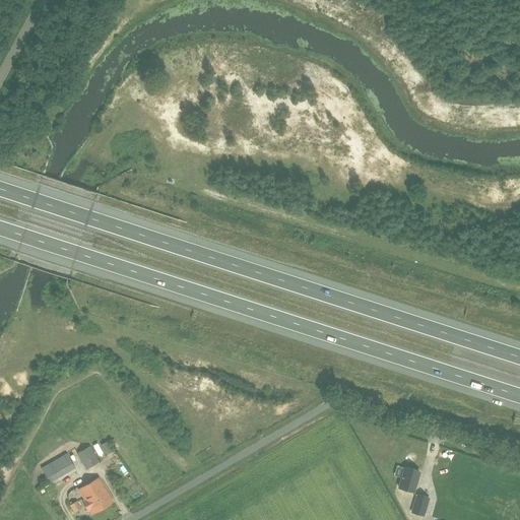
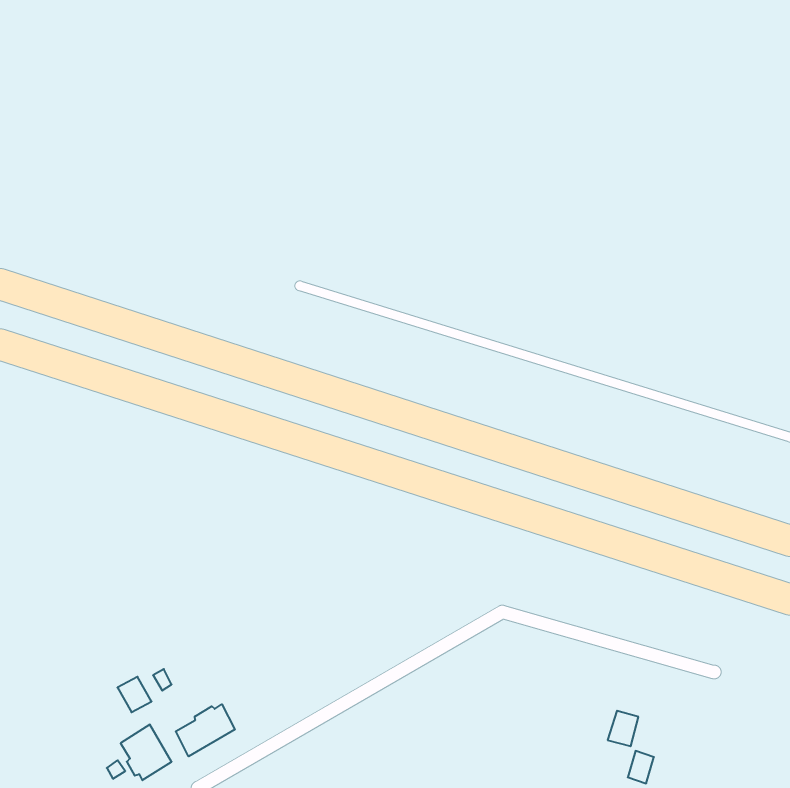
building: [42,452,75,481] -> none
building: none -> [176,704,235,756]

